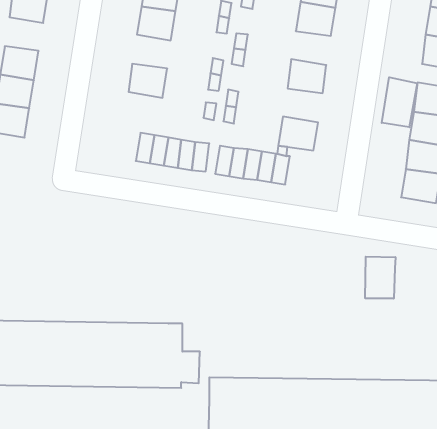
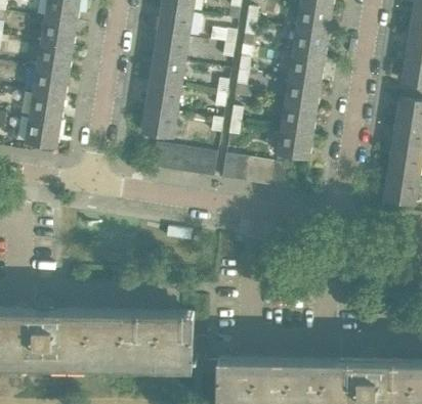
building: none -> [37,43,71,73]
building: none -> [288,55,323,85]
building: none -> [149,58,182,88]
building: [382,77,417,127] -> none
building: none -> [281,105,315,135]
building: none -> [141,108,175,138]
building: [365,257,395,299] -> none

